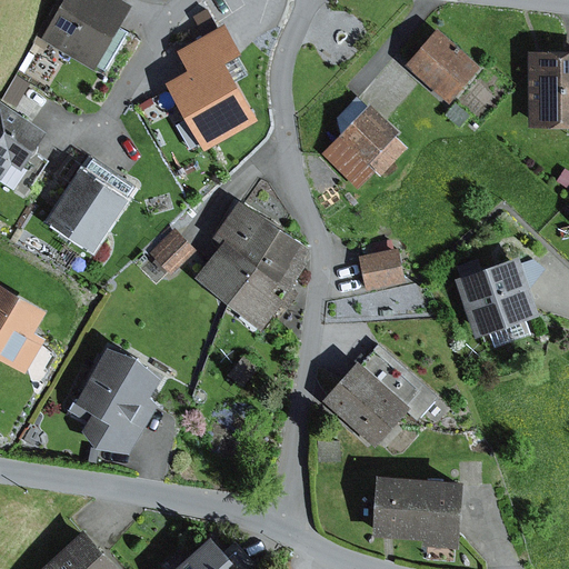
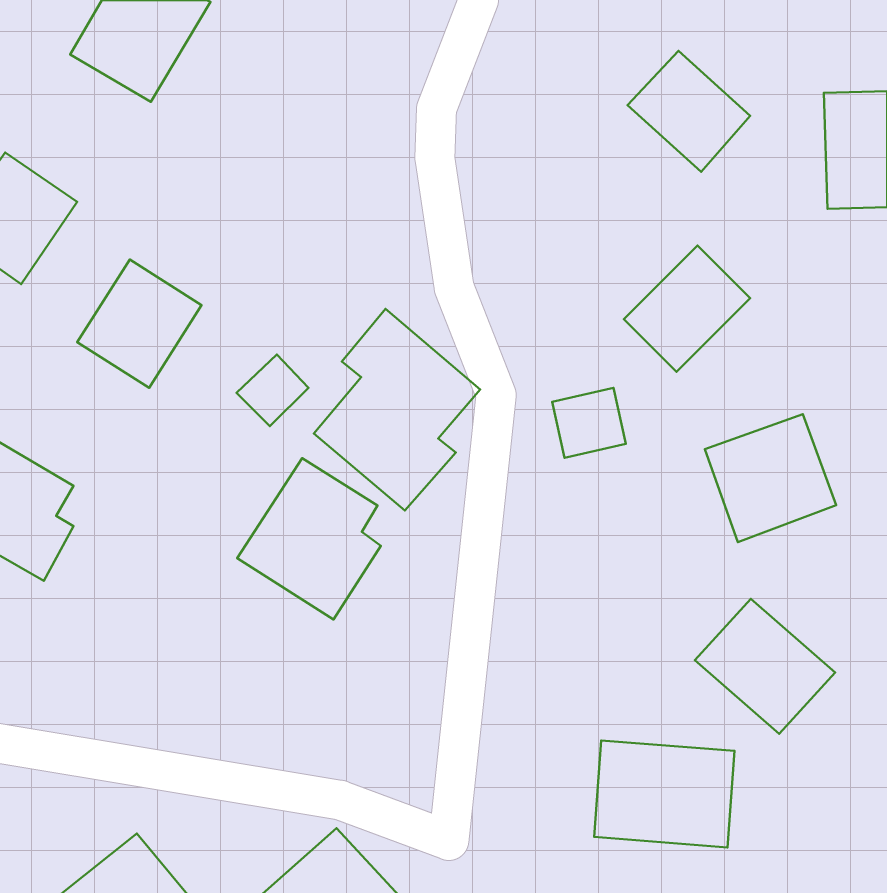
building: [158,29,249,156] -> none
building: [313,111,393,191] -> [624,245,750,372]
building: [70,347,161,449] -> [237,458,381,620]
building: [326,363,415,449] -> [695,599,835,734]

